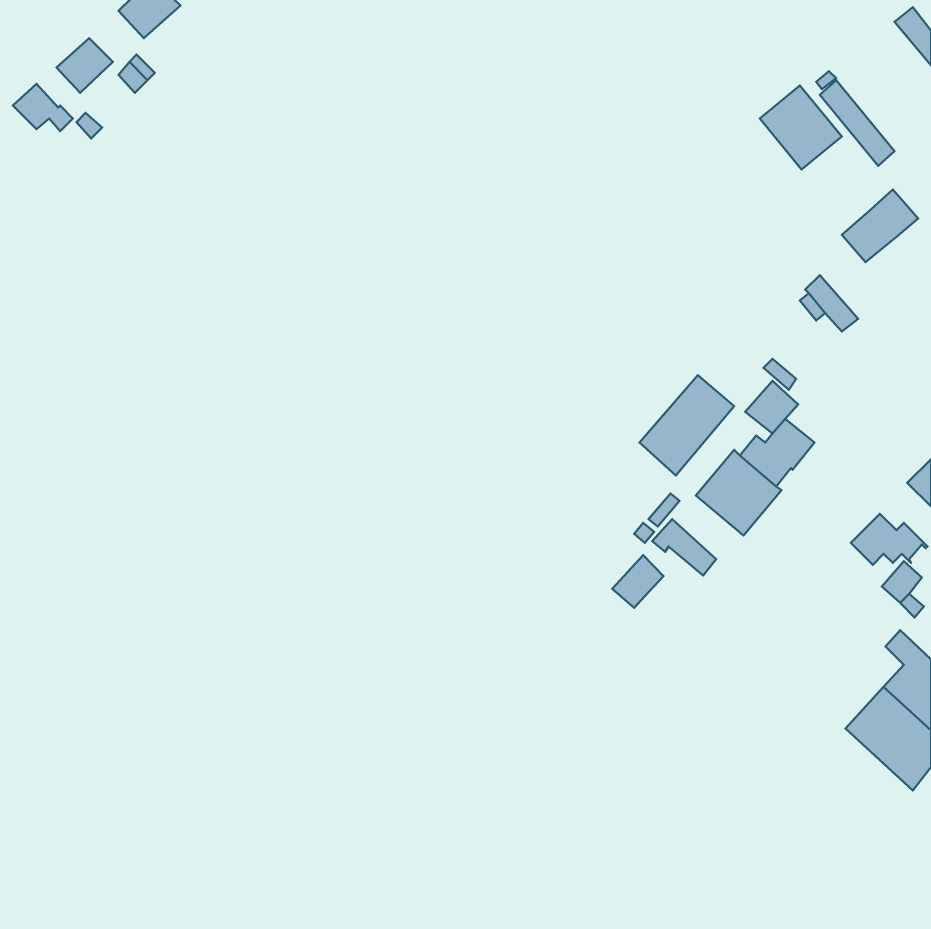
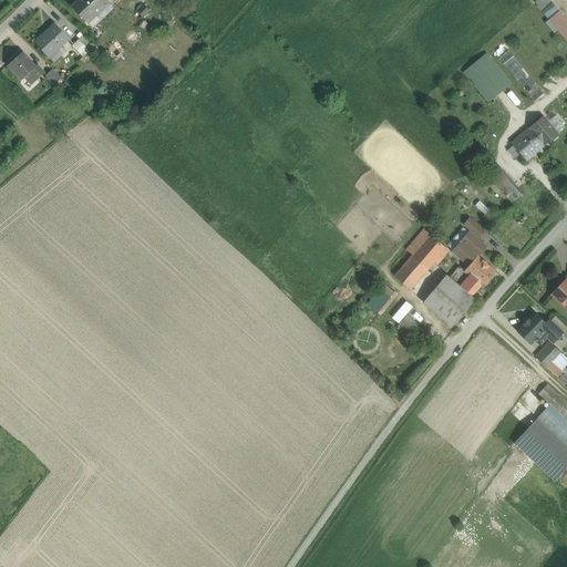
building: [612,555,663,608] -> none

